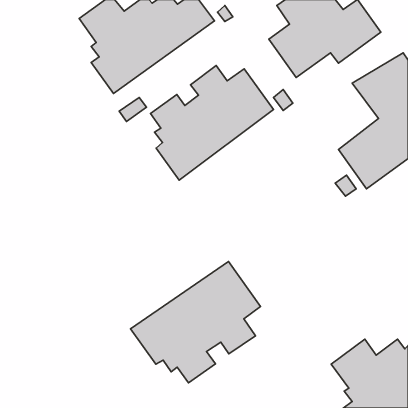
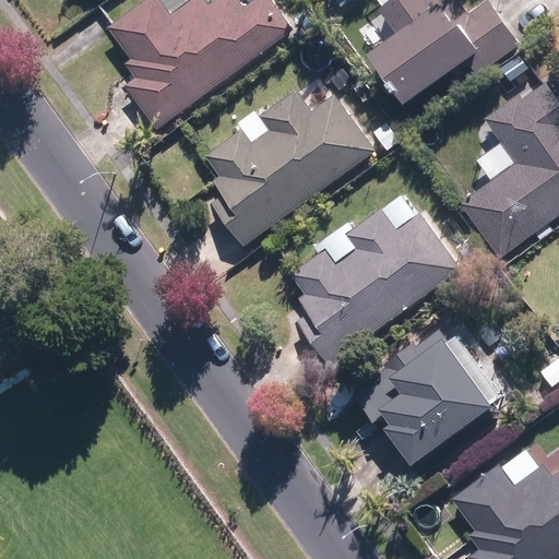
building: none -> [289,209,461,365]
building: none -> [353,329,501,466]
building: [131,261,261,383] -> none

